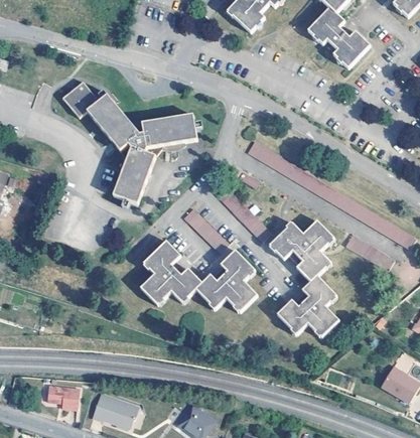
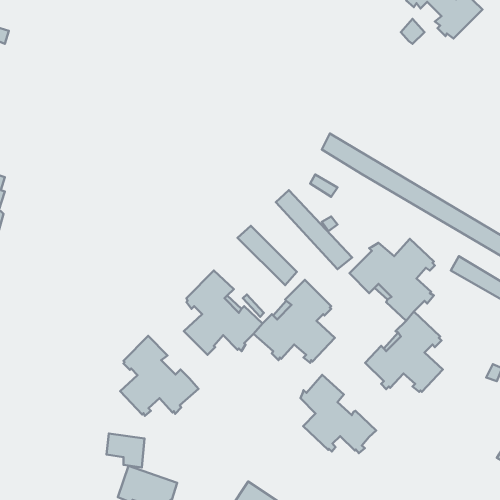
building: [64,80,196,203] -> none
building: none -> [120,336,199,416]
building: none -> [301,375,376,453]
building: [47,385,77,411] -> [106,433,145,468]

